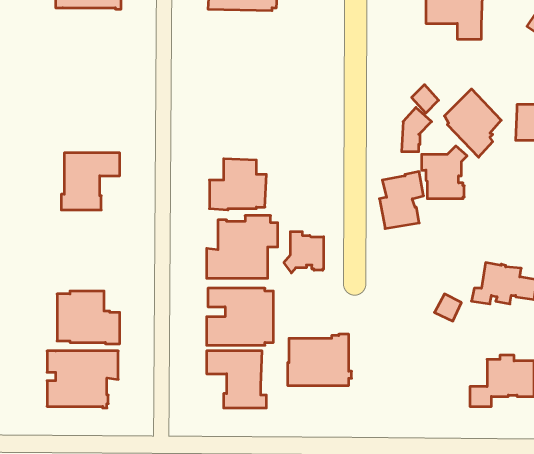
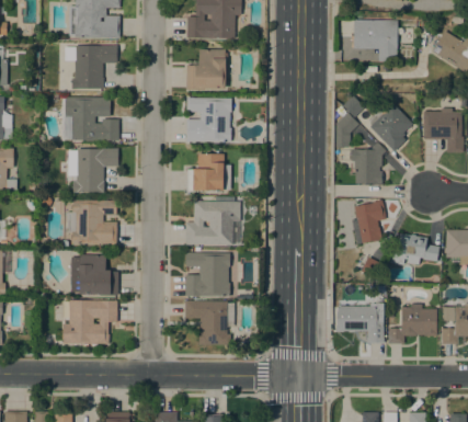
building: none -> [72,45,117,89]
building: none -> [186,49,231,90]
building: none -> [62,96,119,140]
building: none -> [186,98,231,141]
building: [379,172,424,229] -> [352,199,386,243]
building: none -> [66,199,117,243]
building: [284,232,324,273] -> none
building: [288,334,352,385] -> [336,303,386,342]

